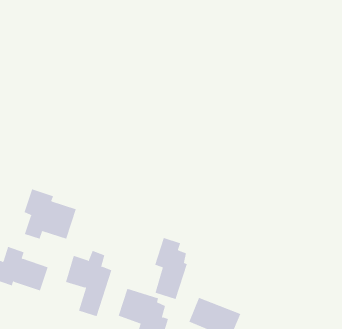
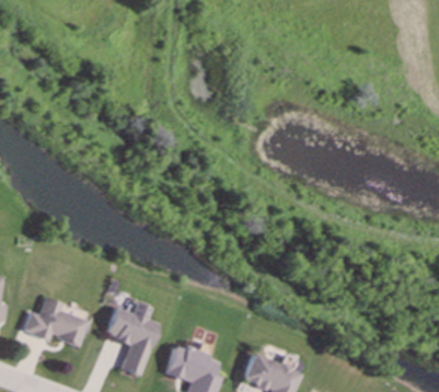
building: [24,189,77,239] -> none
building: [155,237,187,300] -> none

